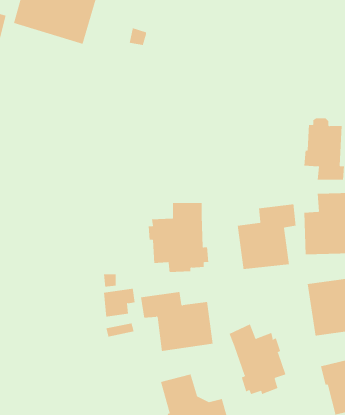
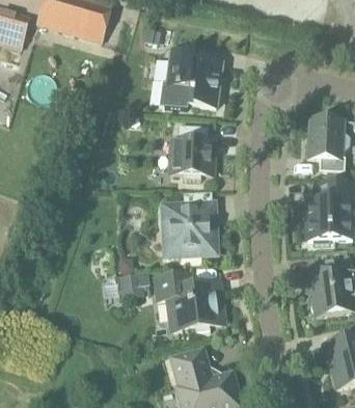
building: none -> [159,50,221,108]
building: none -> [170,126,213,174]
building: [237,204,296,270] -> none
building: [229,324,286,395] -> none

